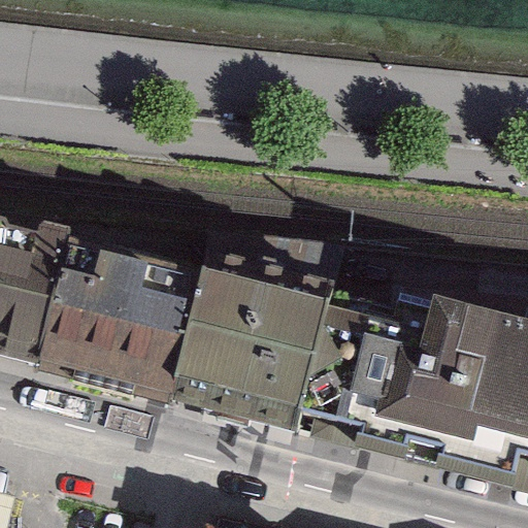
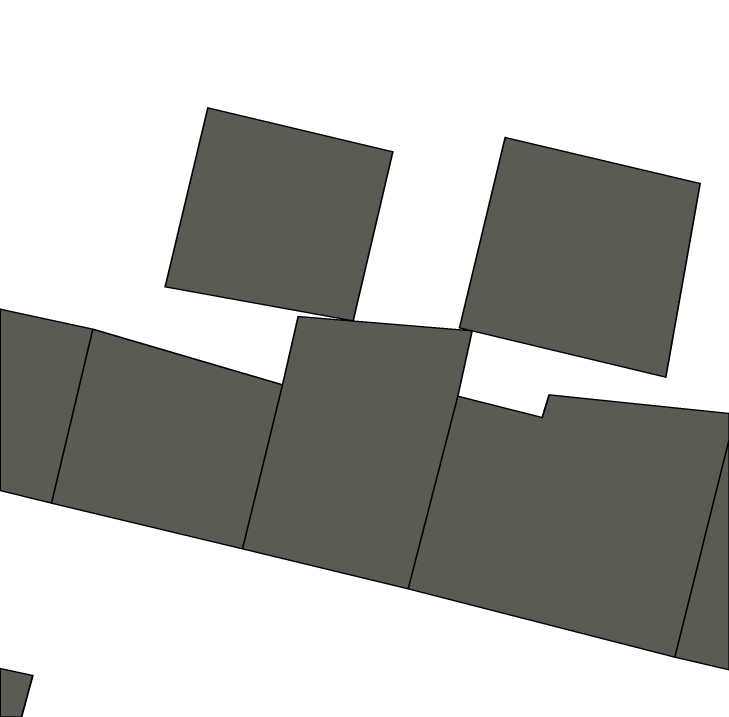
building: none -> [165,108,393,321]
building: none -> [460,138,700,377]

